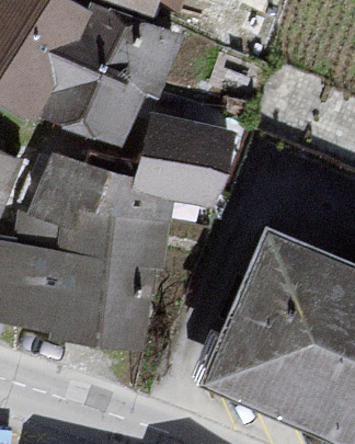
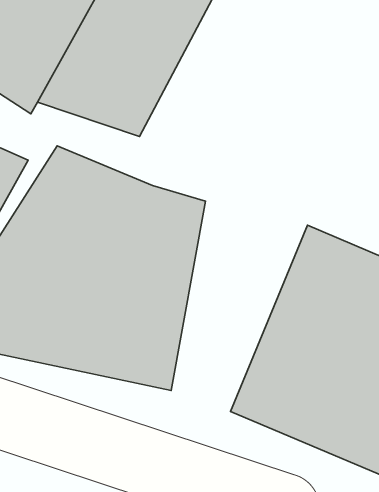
building: [130,116,232,214] -> none

